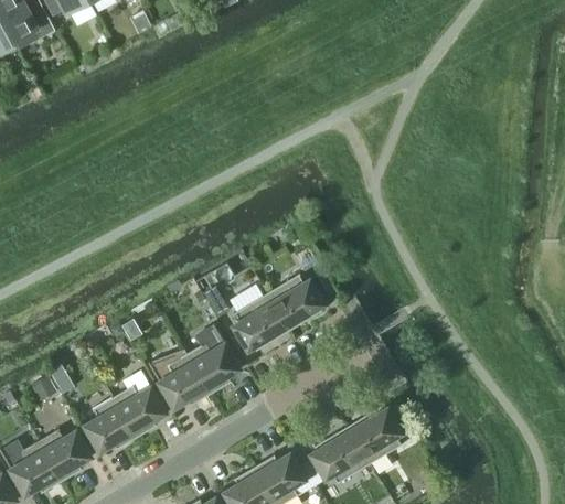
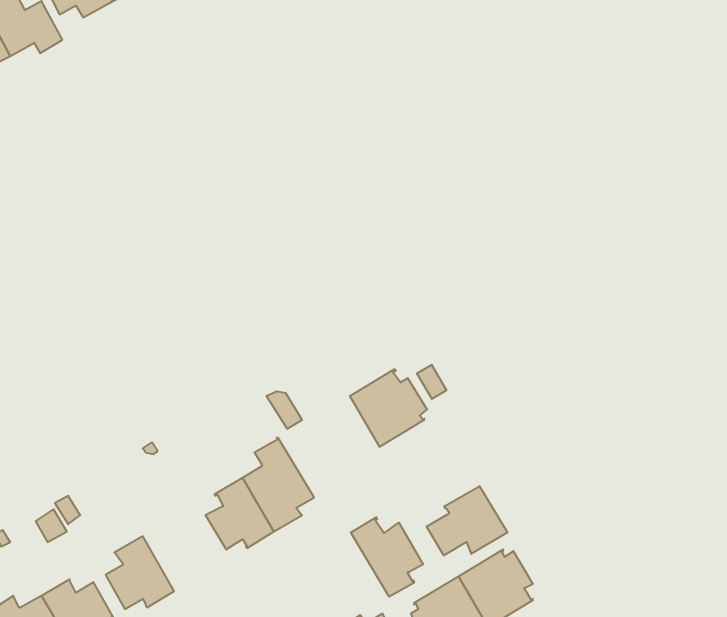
building: [233,293,288,351] -> none
building: none -> [427,486,507,555]
building: none -> [351,517,423,597]
building: [113,385,164,438] -> none

